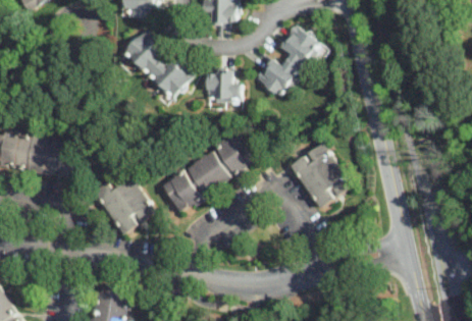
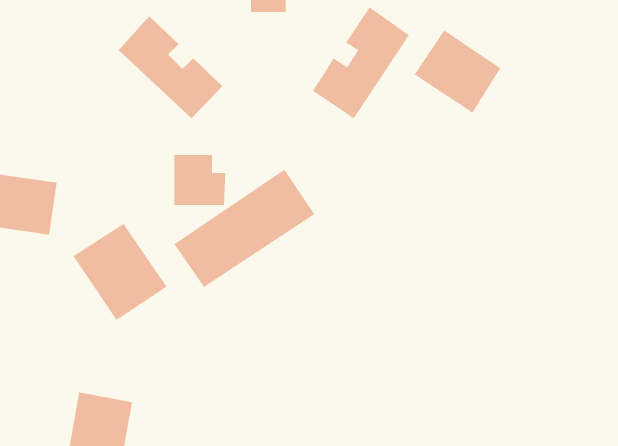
building: none -> [414,29,501,113]
building: [206,69,242,104] -> [174,154,226,206]
building: [290,142,353,209] -> none

